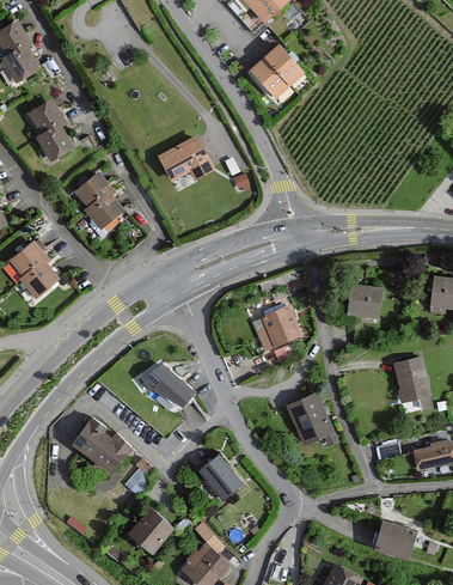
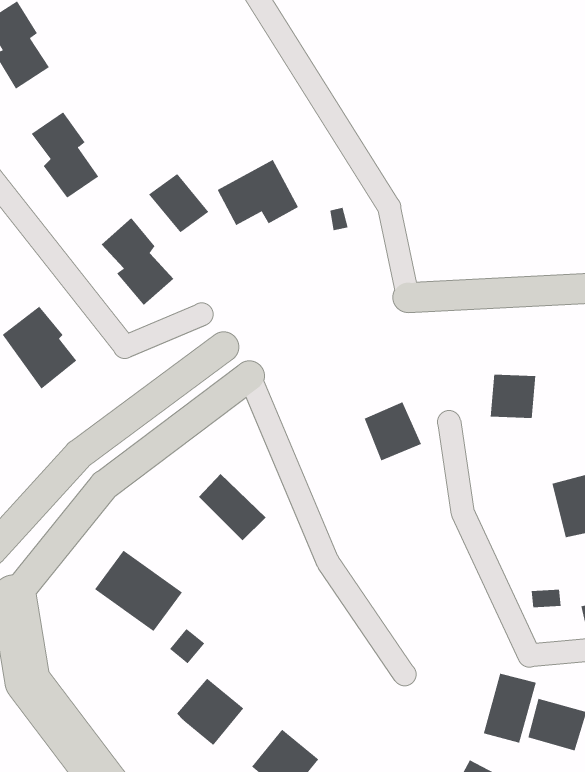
building: [251,49,304,100] -> none
building: none -> [148,173,209,233]
building: [286,394,333,449] -> none
building: [197,449,244,496] -> none
building: none -> [483,673,536,743]

